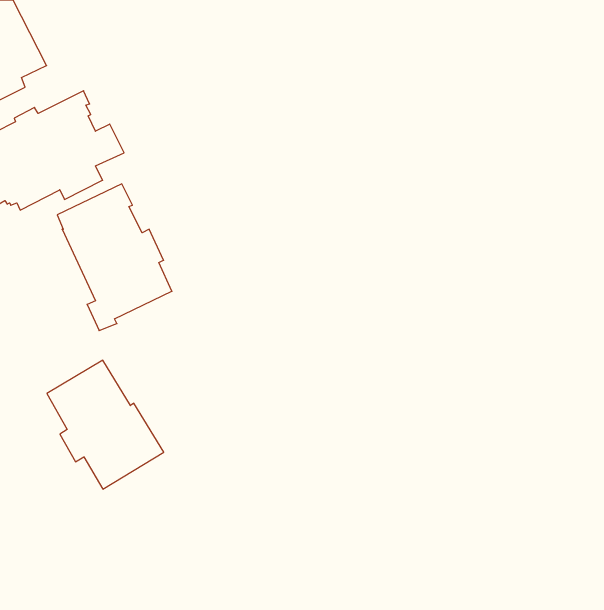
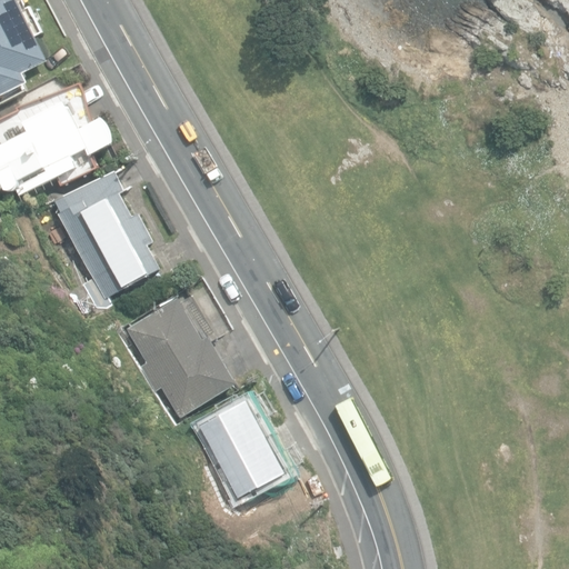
building: [47,360,164,489] -> [124,297,233,417]
building: none -> [198,399,284,496]

